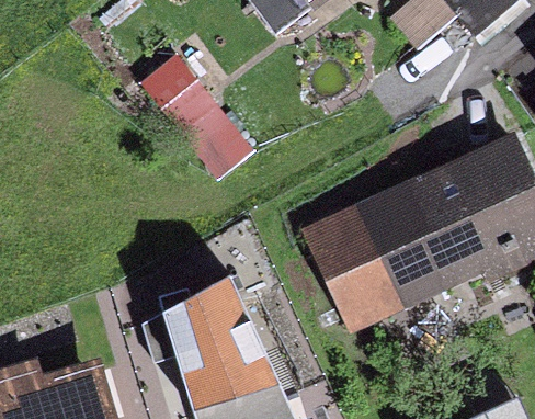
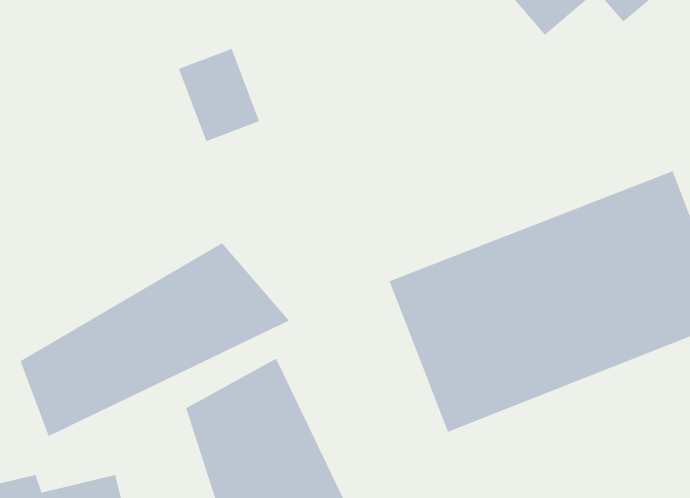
building: none -> [20,242,290,437]

